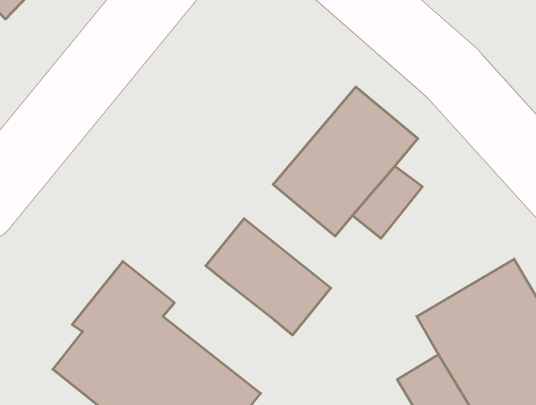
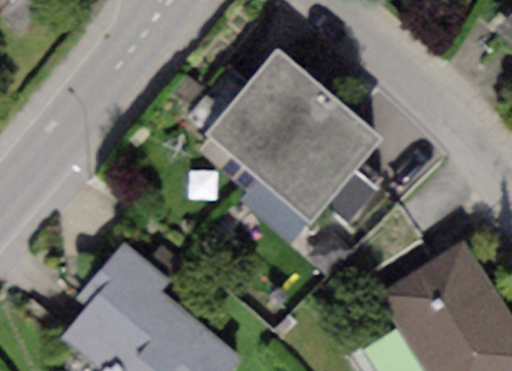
building: none -> [205,48,326,175]
building: [206,219,331,335] -> none

